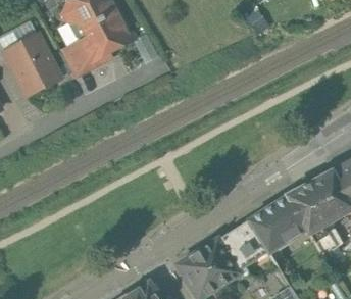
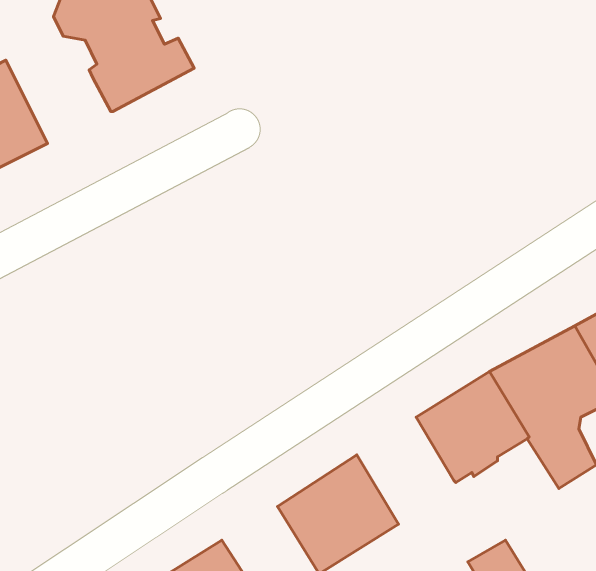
building: [59,43,95,77] -> none
building: [222,217,267,267] -> none

